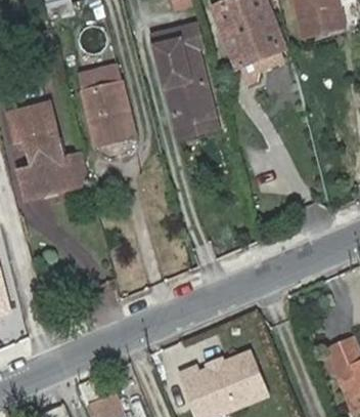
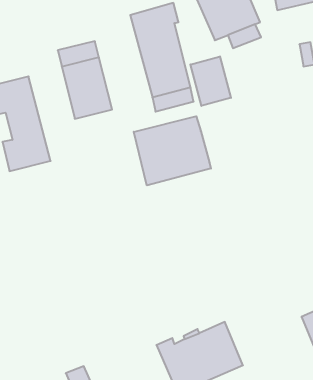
building: none -> [190,56,231,106]
building: none -> [134,116,211,185]

